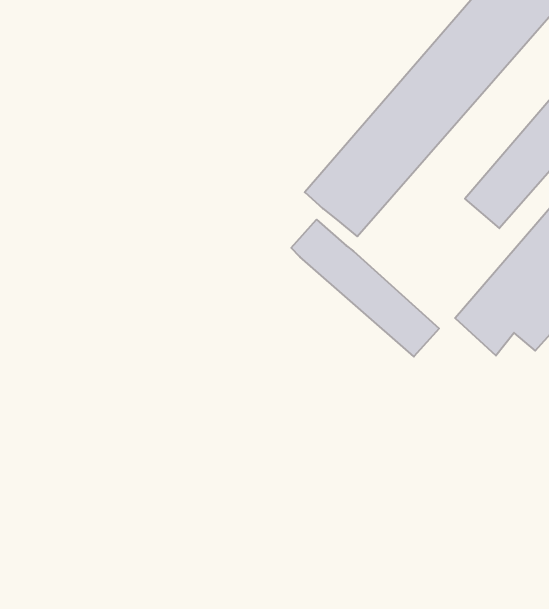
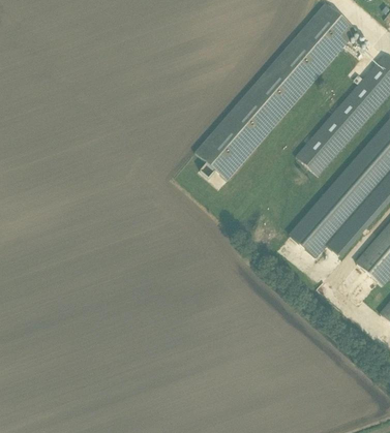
building: [291,220,439,357] -> none

